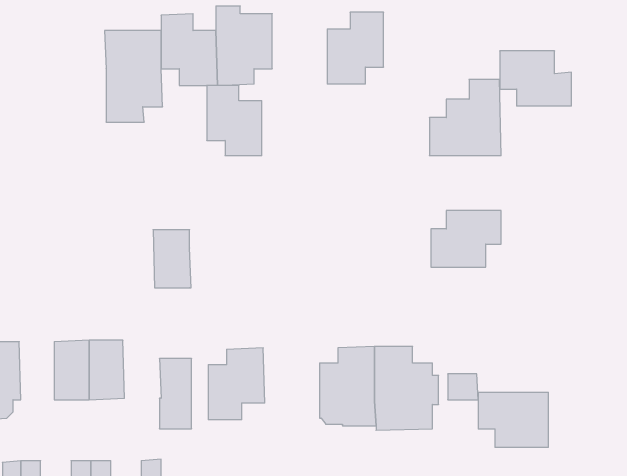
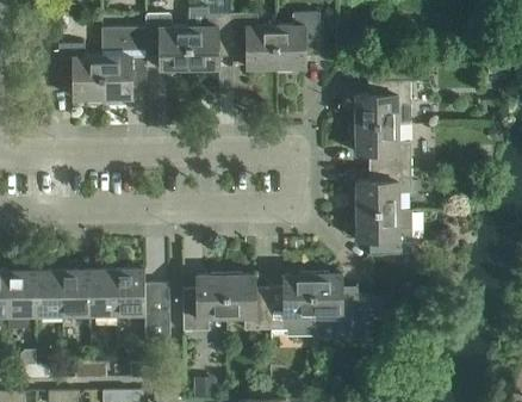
building: [500,51,571,106] -> [355,125,411,168]
building: none -> [58,44,102,99]
building: [207,85,262,156] -> [232,14,275,69]
building: [153,230,191,288] -> [116,270,145,315]
building: none -> [35,271,62,316]
building: none -> [225,276,269,332]
building: [478,392,548,447] -> [356,212,411,255]

